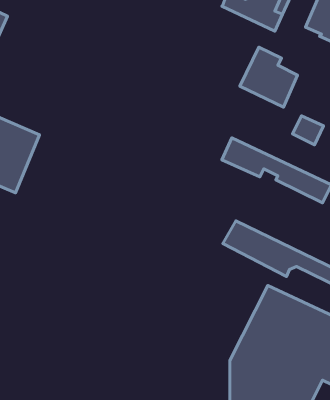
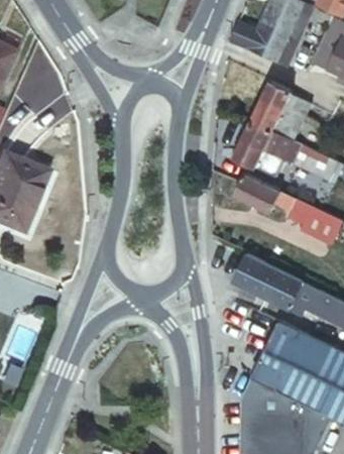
building: none -> [233,121,307,167]

